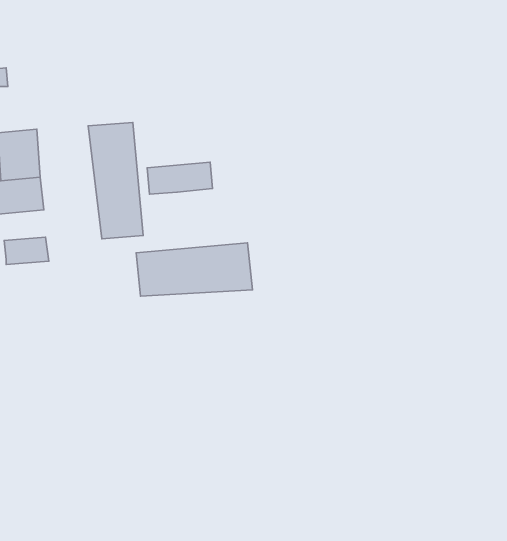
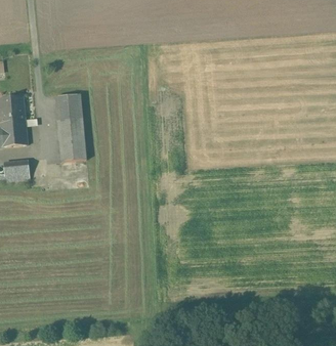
building: [147,162,212,194] -> none
building: [136,243,252,296] -> none

